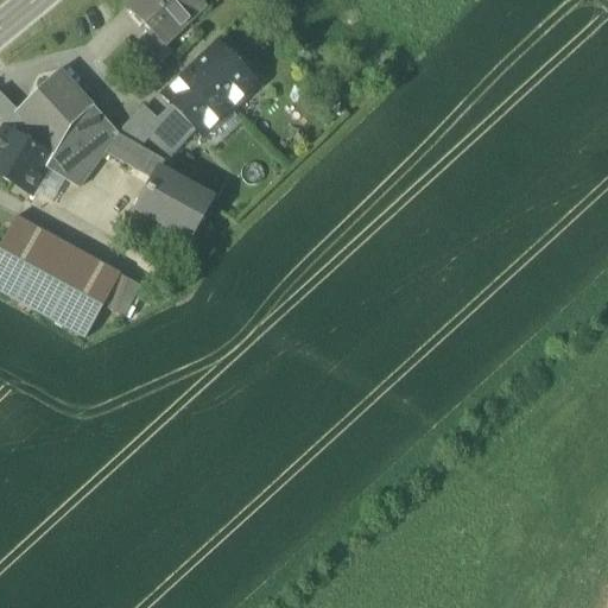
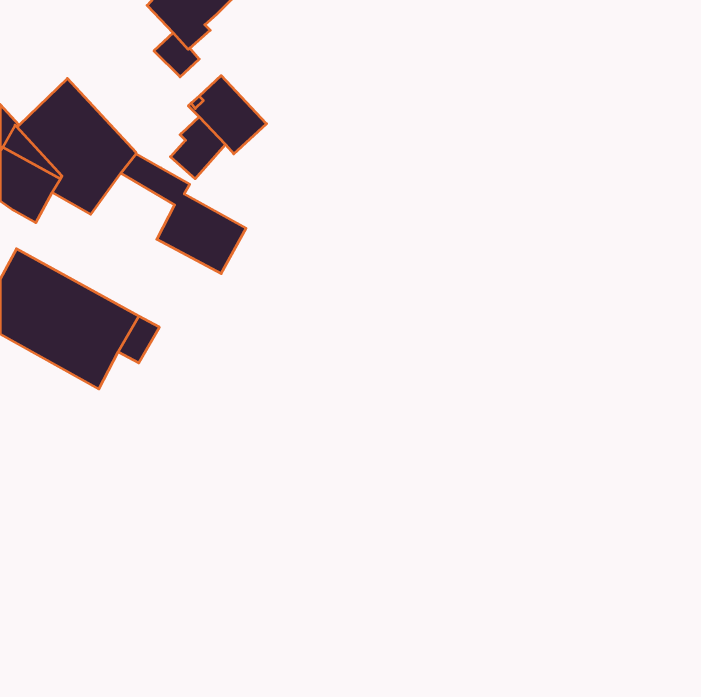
building: [192,40,256,107] -> none
building: [119,103,162,145] -> none

